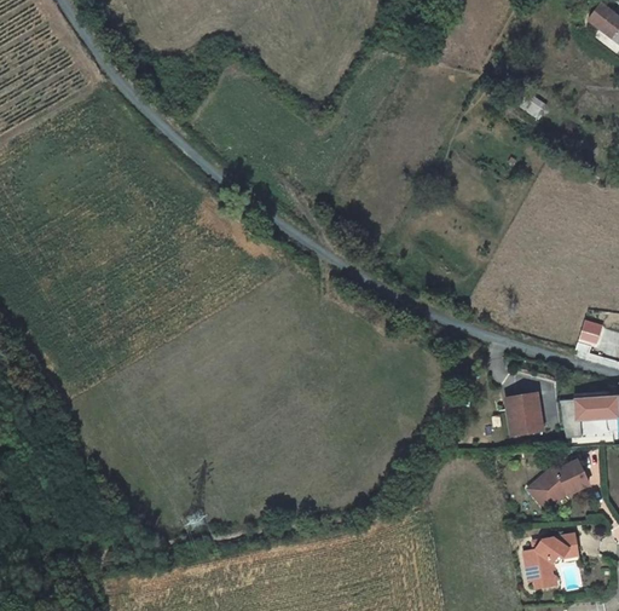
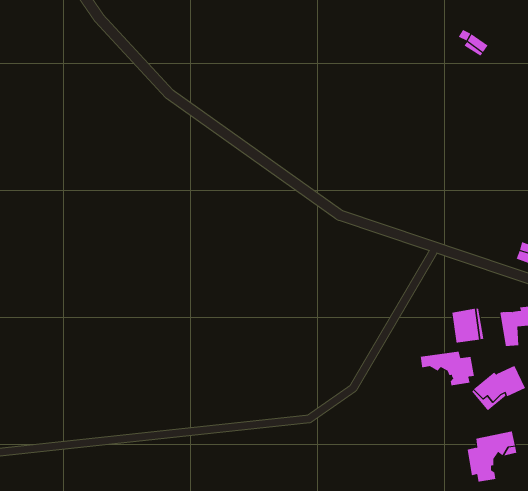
building: none -> [420,351,475,386]

